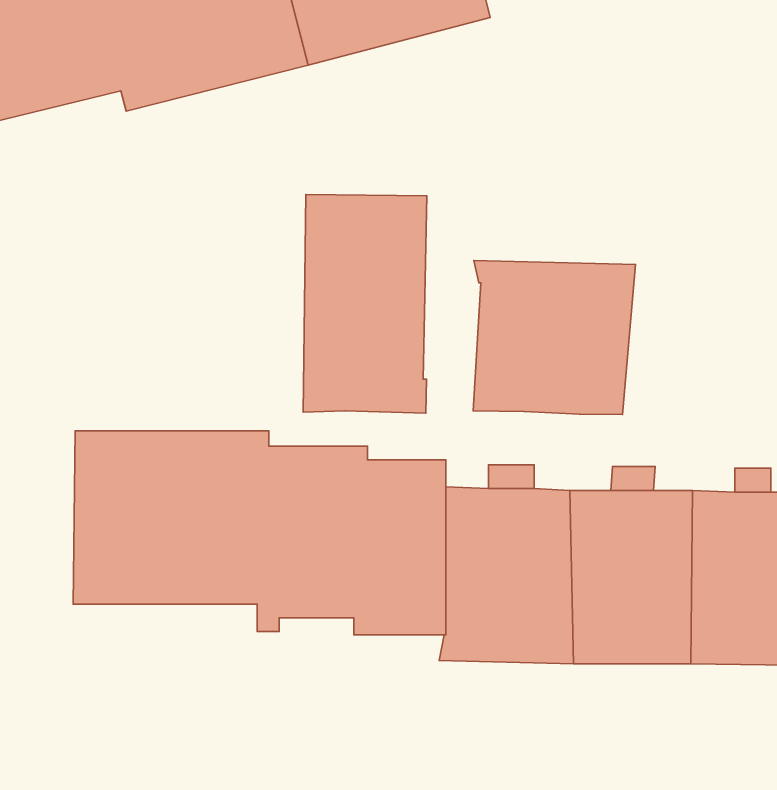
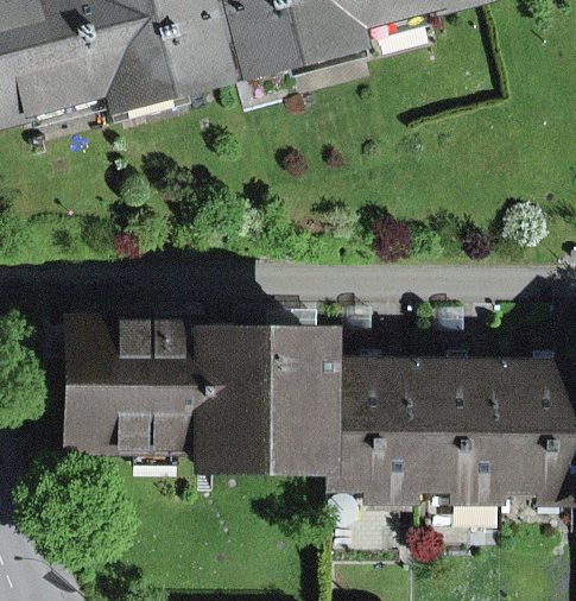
building: [303,195,427,413] -> none
building: [473,260,636,414] -> none

